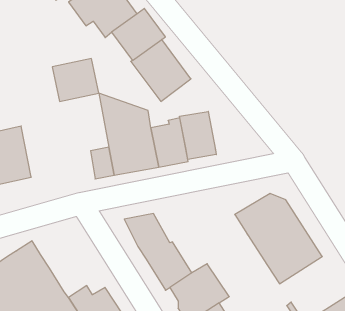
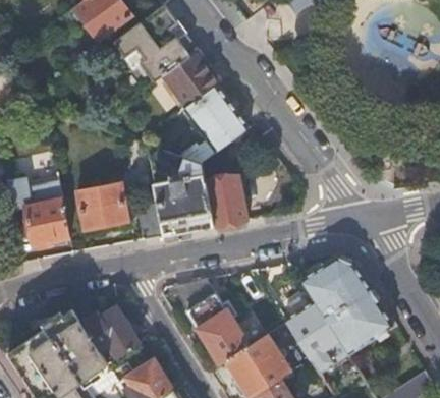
building: [52,59,99,101] -> [76,183,128,231]
building: [180,111,216,159] -> none
building: none -> [285,302,335,373]
building: none -> [80,307,141,366]

